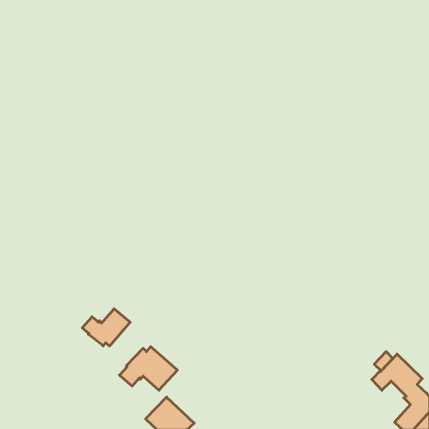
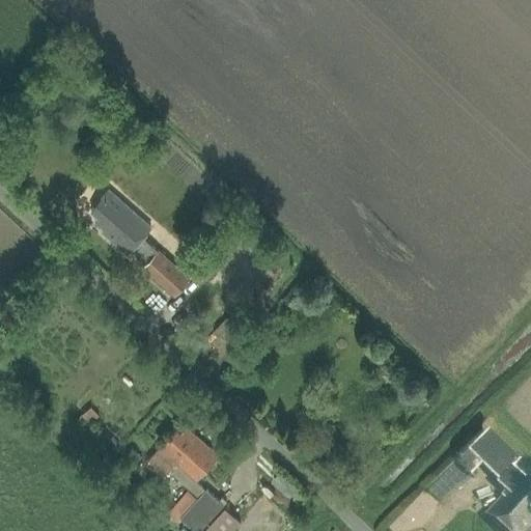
building: none -> [92,192,191,297]
building: [82,309,130,346] -> none

